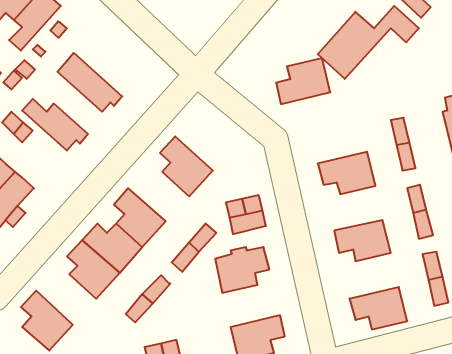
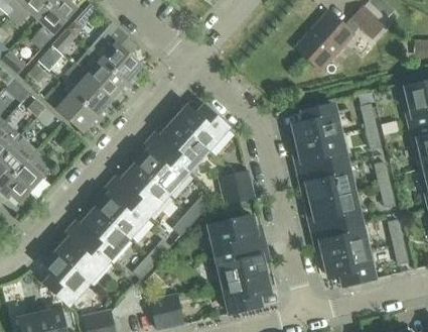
building: none -> [89,22,142,85]
building: [276,58,330,104] -> [293,103,339,142]
building: none -> [64,63,113,117]
building: none -> [175,105,228,148]
building: none -> [135,149,187,192]
building: none -> [307,161,352,200]
building: none -> [320,219,367,258]
building: none -> [56,237,108,281]
building: none -> [216,246,265,283]

